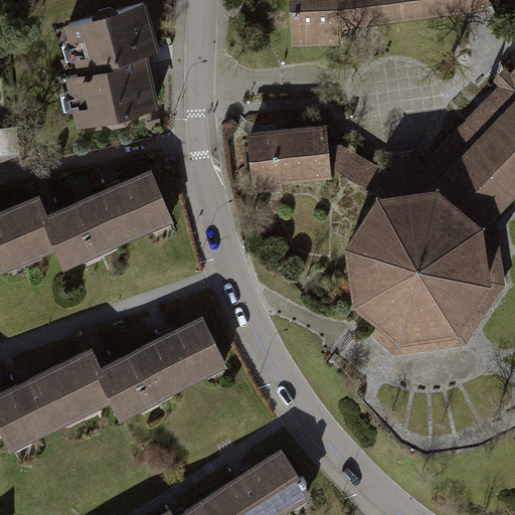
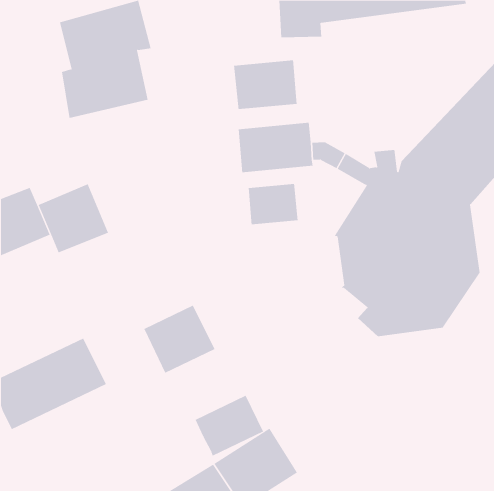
building: none -> [234,59,297,110]
building: [94,174,169,246] -> none
building: none -> [248,183,298,225]
building: [97,346,173,418] -> none
building: none -> [195,395,264,456]

